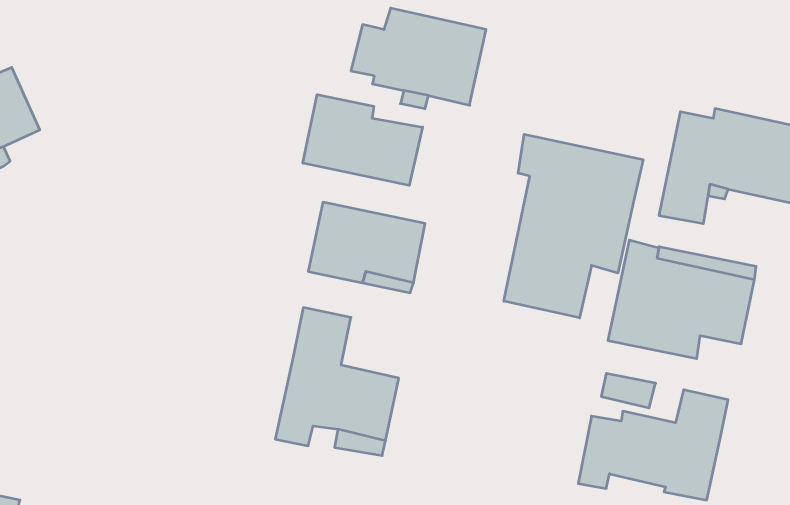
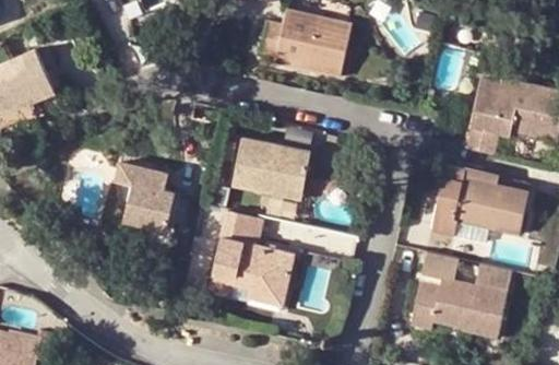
building: [303,95,423,185] -> none
building: [504,134,643,318] -> none
building: none -> [117,164,175,231]

